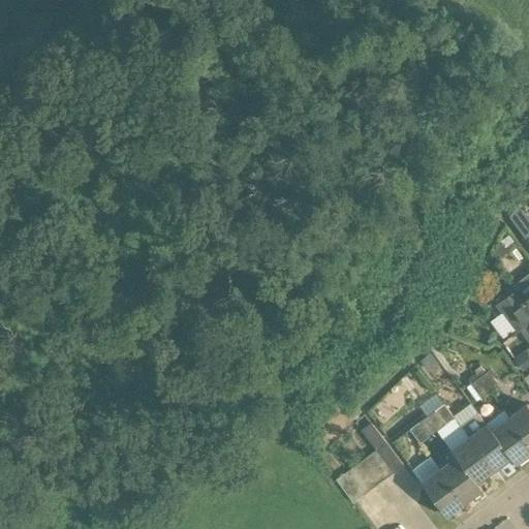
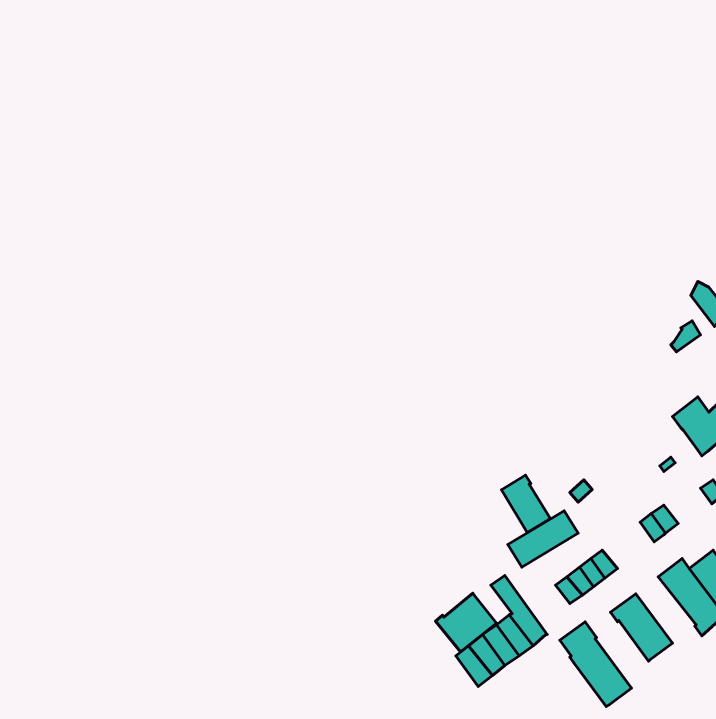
building: none -> [501,475,551,533]
building: [462,413,514,472] -> none
building: none -> [435,593,497,652]
building: [439,456,485,505] -> none

